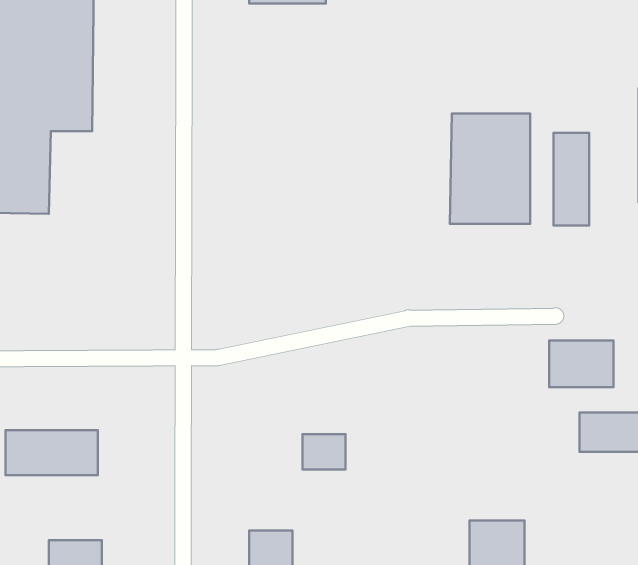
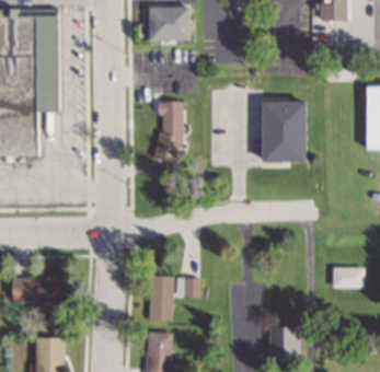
building: none -> [158,102,184,161]
building: [554,133,589,225] -> none
building: [549,340,613,387] -> none
building: none -> [152,276,175,319]

